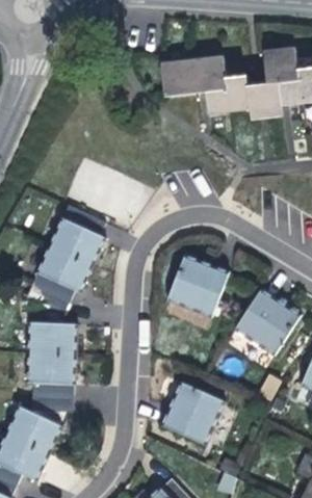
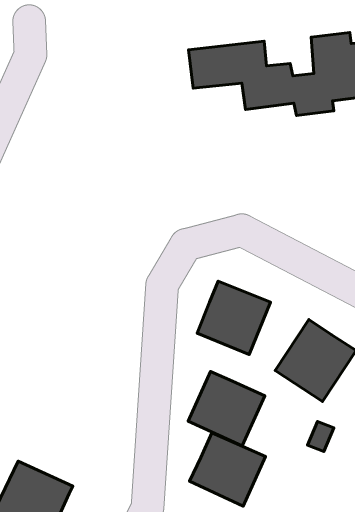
building: [25,206,107,315] -> none
building: [25,322,76,412] -> none
building: none -> [188,371,265,446]

